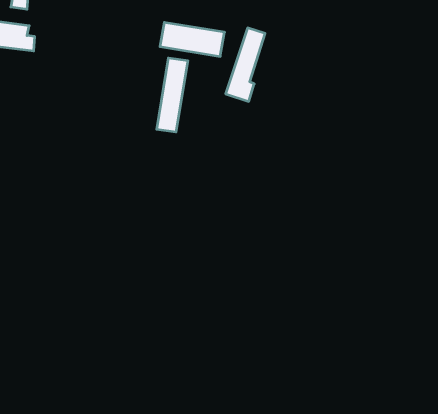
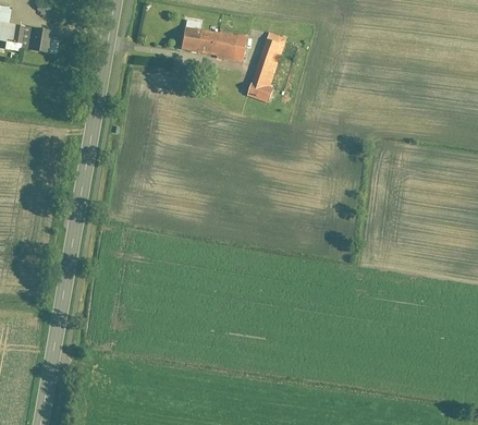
building: [157,58,188,132] -> none

